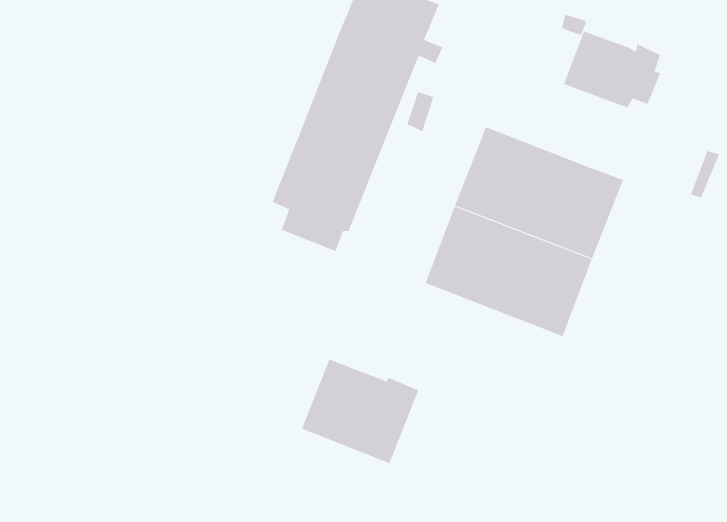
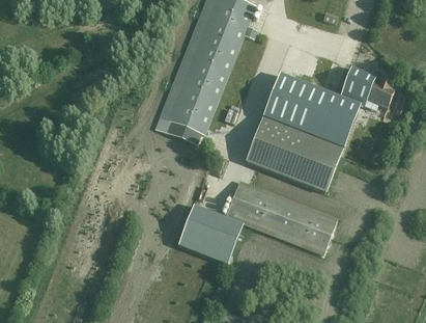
building: [563,31,661,108] -> [339,65,394,109]
building: none -> [226,180,337,251]

